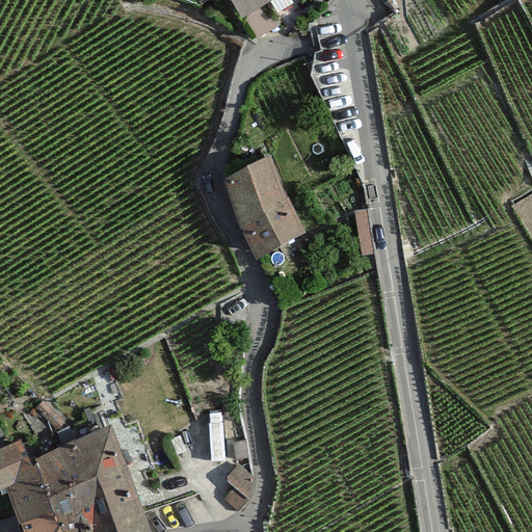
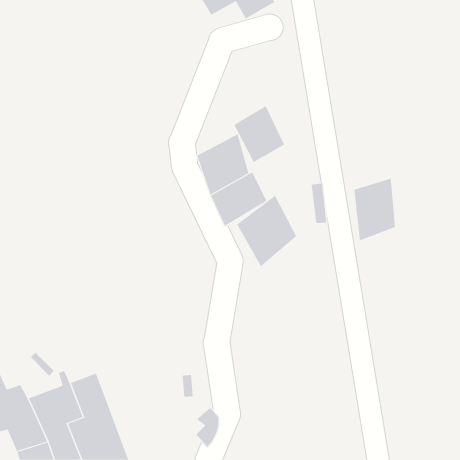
building: none -> [233,105,285,163]
building: none -> [354,178,396,241]
building: none -> [237,195,297,267]

